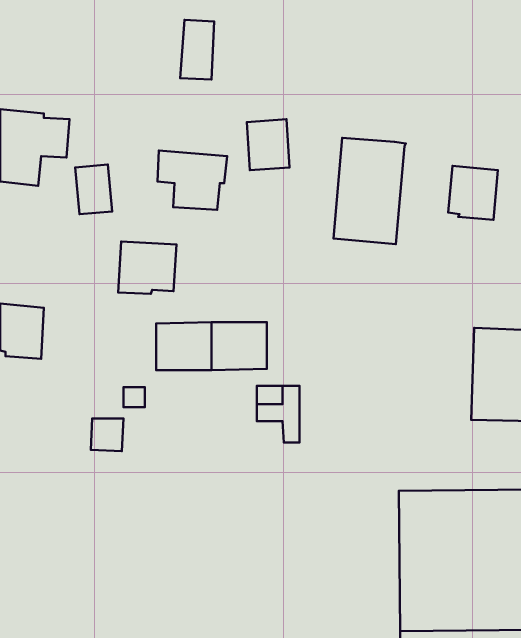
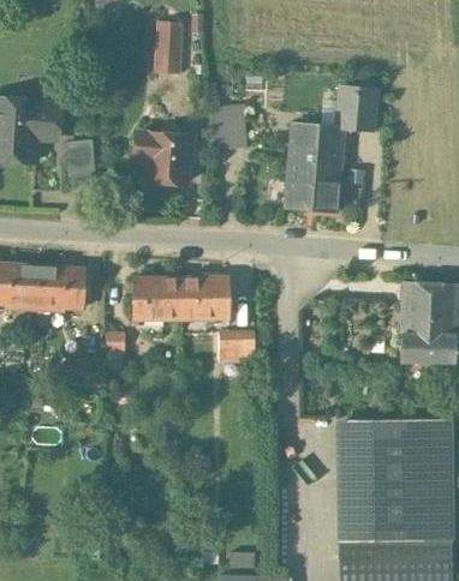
building: [448,166,498,220] -> [335,85,377,131]
building: [118,242,176,294] -> [36,265,85,310]

